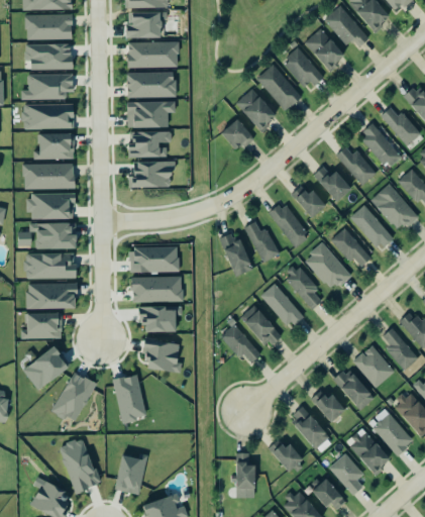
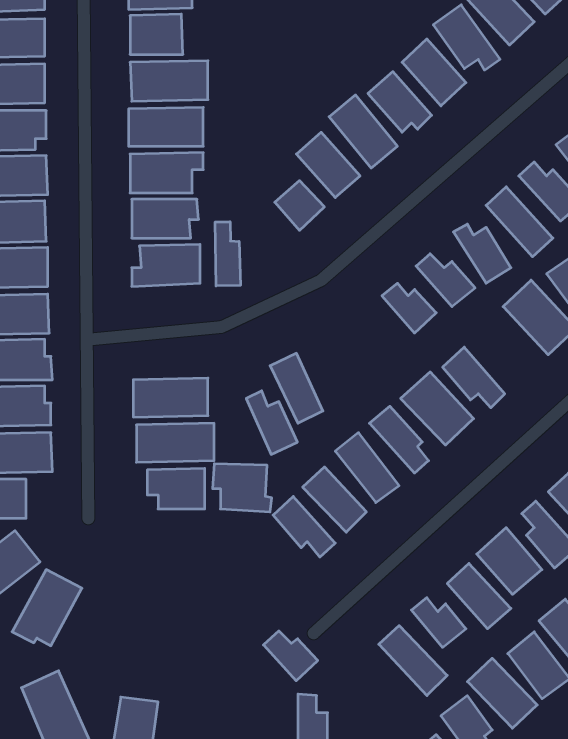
building: none -> [215,222,240,286]
building: [271,202,307,248] -> none
building: [349,205,393,250] -> none
building: [245,221,279,263] -> [246,391,297,454]
building: [143,340,182,372] -> [213,464,272,512]
building: [112,375,146,423] -> none
building: [268,439,303,472] -> [263,631,318,681]

